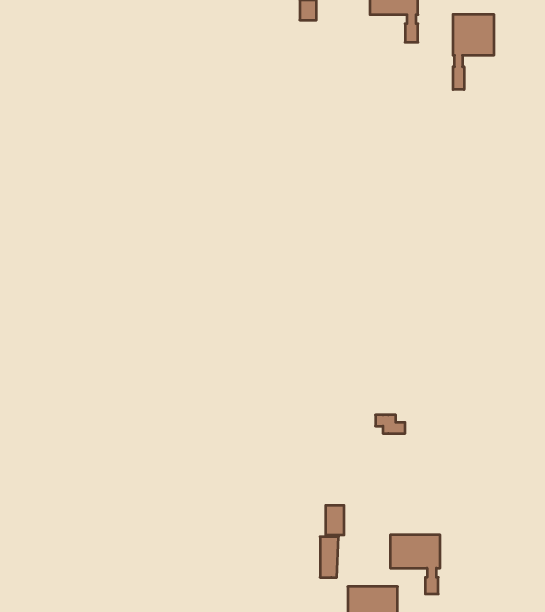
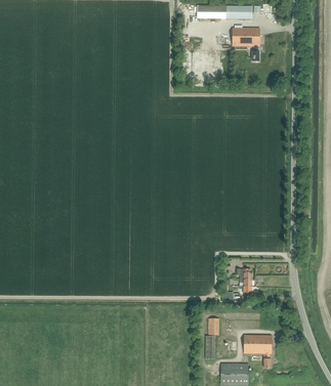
building: [453,14,494,90] -> none

